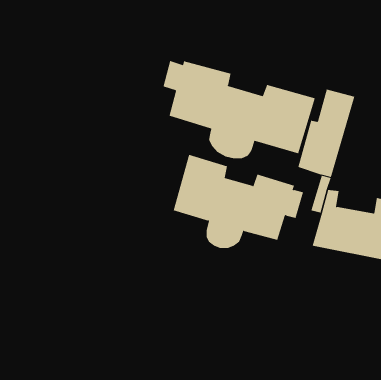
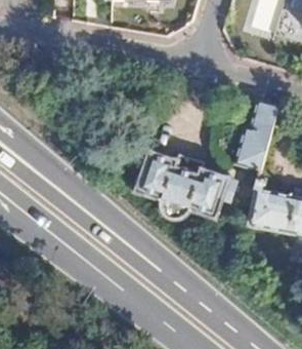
building: [163,60,316,159] -> none

